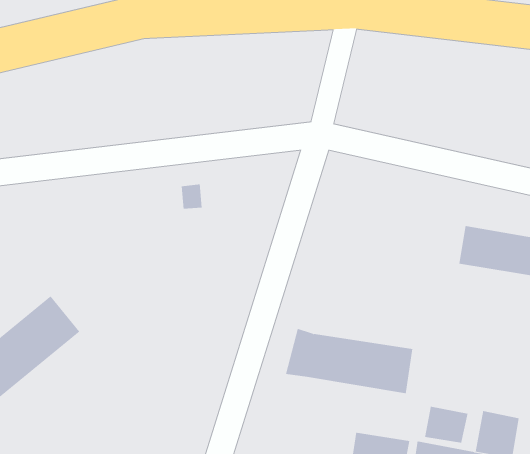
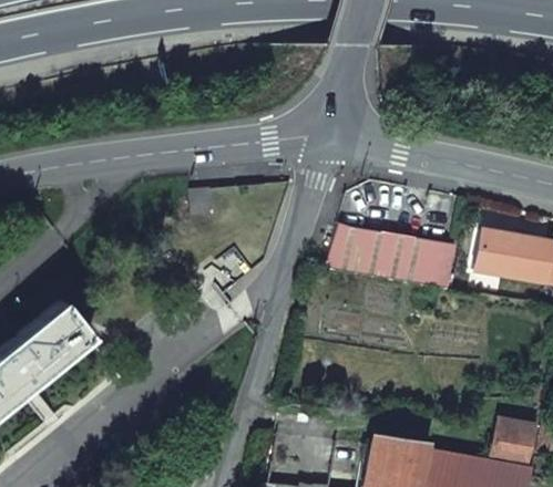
building: [285,328,413,394] -> [326,221,455,288]
building: [425,406,468,444] -> none

